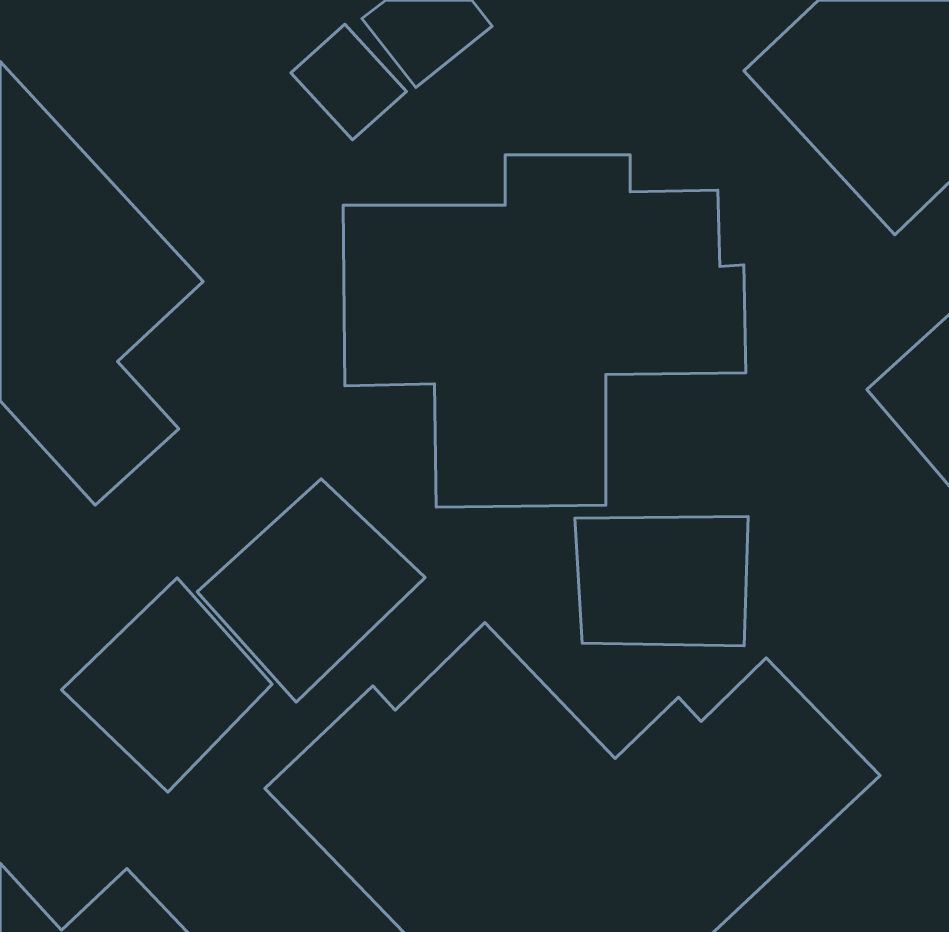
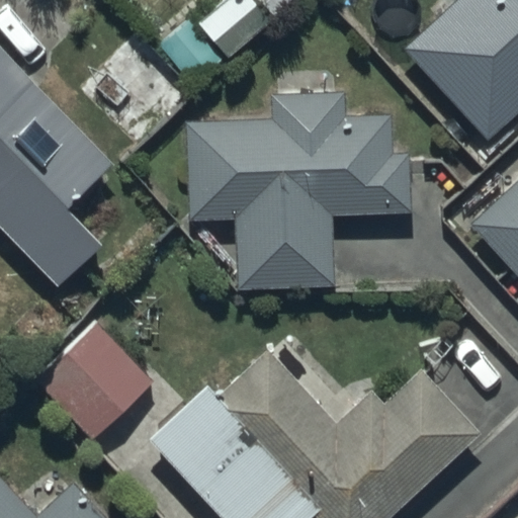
building: [197,479,425,702] -> none
building: [575,516,748,646] -> none

